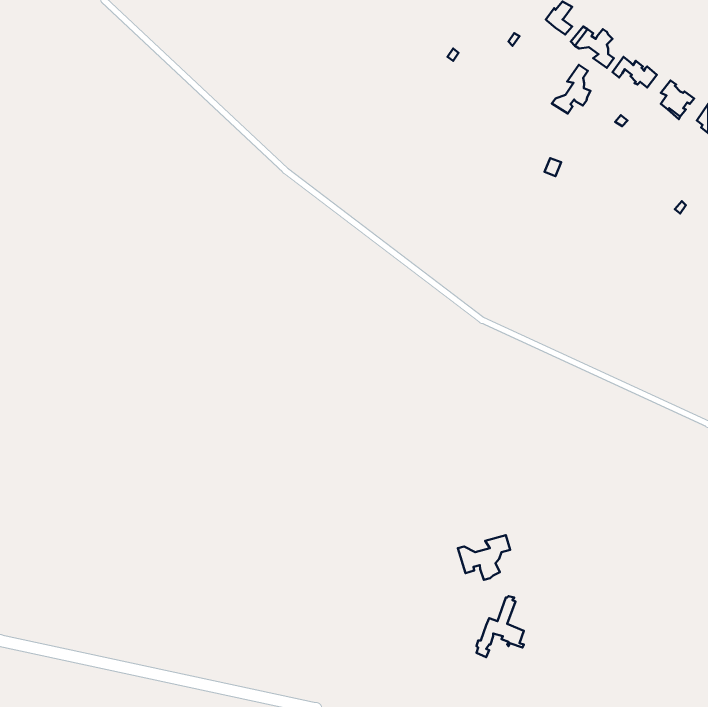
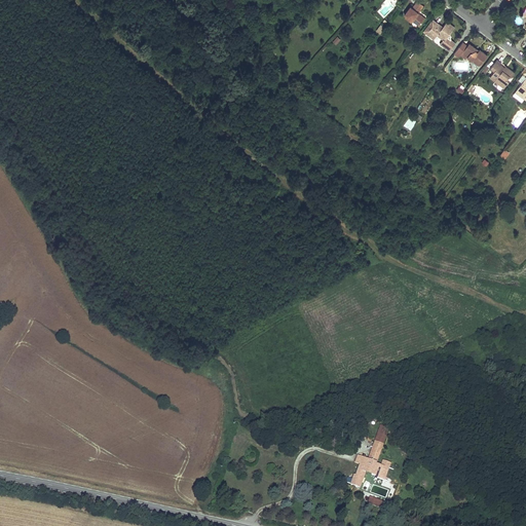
building: [552,65,590,113] -> none
building: [458,535,510,580] -> none

